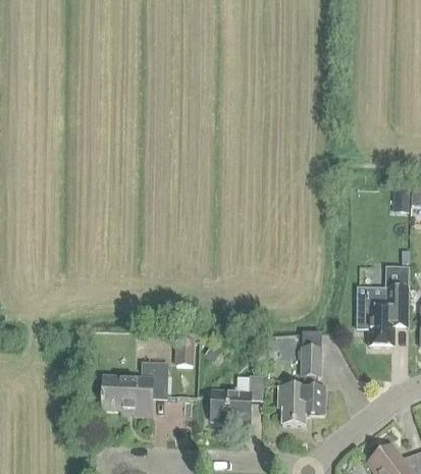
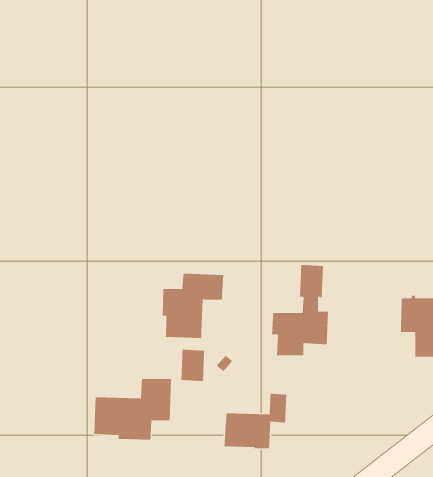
building: none -> [162,273,224,339]
building: [277,346,325,422] -> [271,264,329,356]

